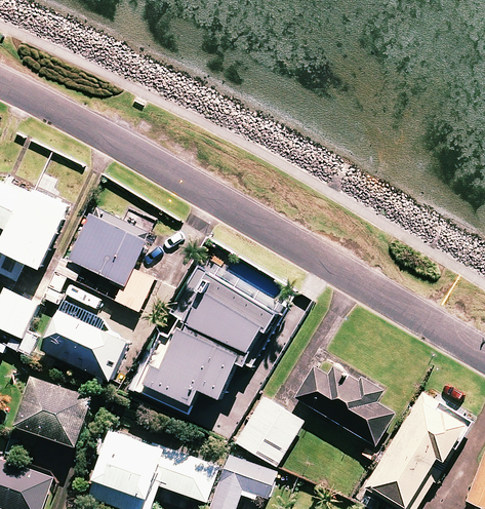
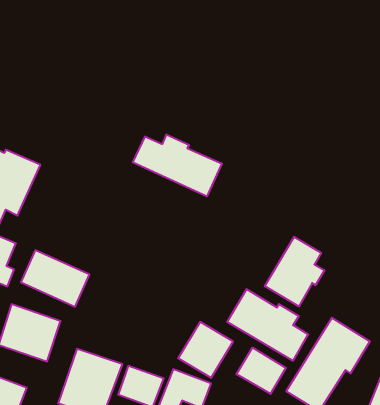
building: none -> [133,134,222,196]
building: [69,213,153,312] -> none
building: [137,256,284,413] -> none
building: none -> [265,237,324,306]
building: none -> [236,348,286,394]

